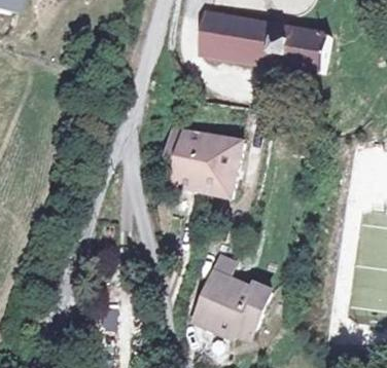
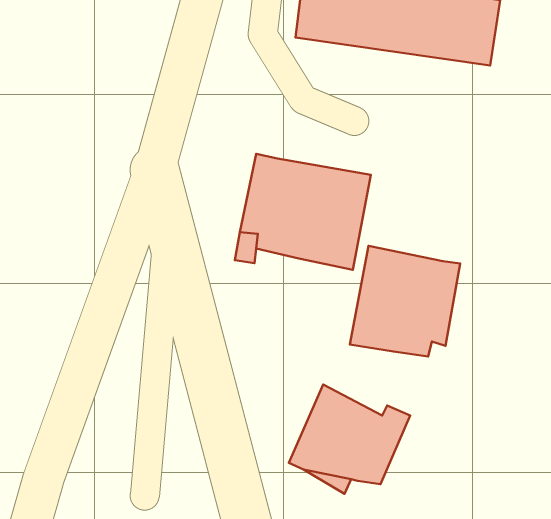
building: none -> [350,246,460,356]

